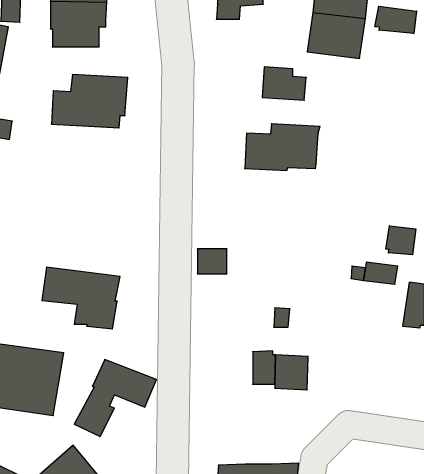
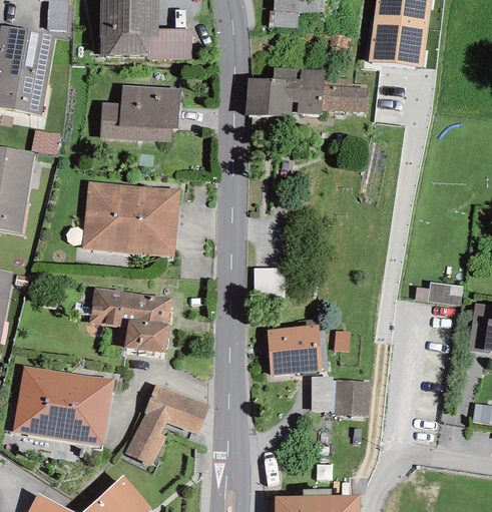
building: [375,6,417,34] -> none
building: none -> [146,28,191,59]
building: [245,124,320,170] -> [245,67,325,116]
building: none -> [81,181,179,255]
building: [386,226,416,255] -> none
building: none -> [267,325,320,375]

